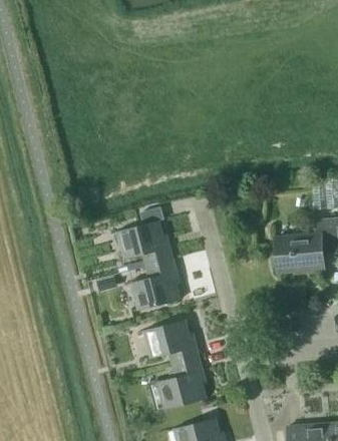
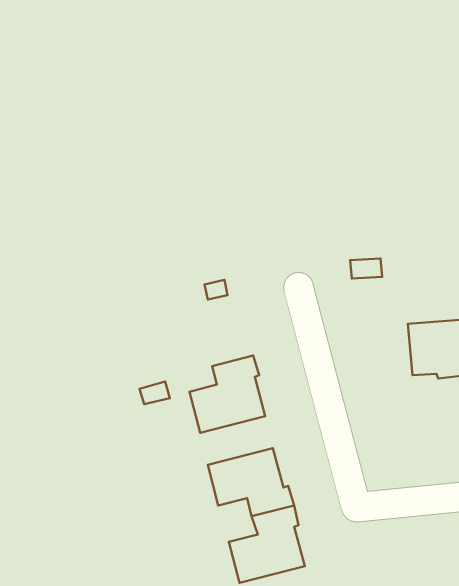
building: [116,220,173,266] -> none

